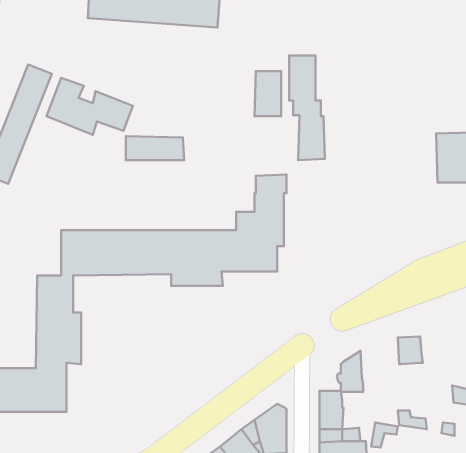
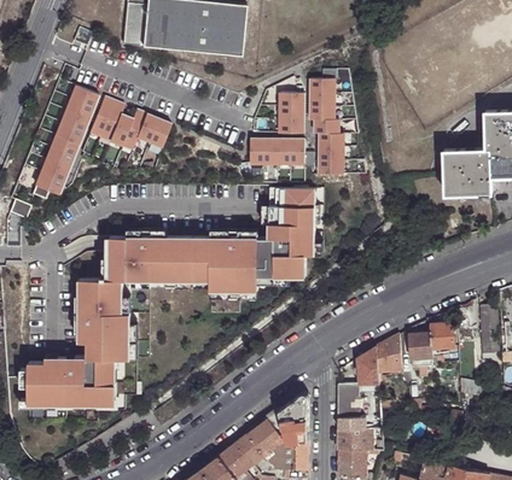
building: [126,136,184,160] -> [250,140,303,162]
building: none -> [430,323,454,350]
building: none -> [376,335,402,371]

